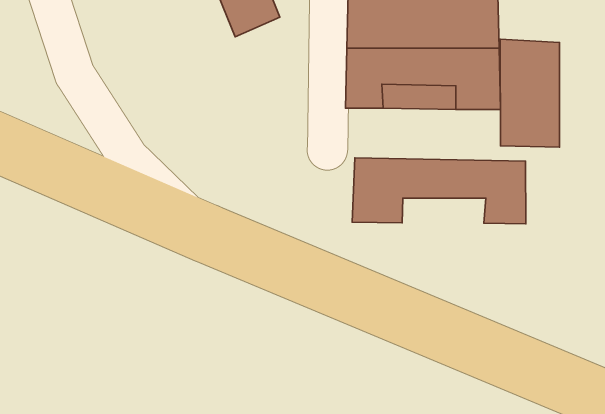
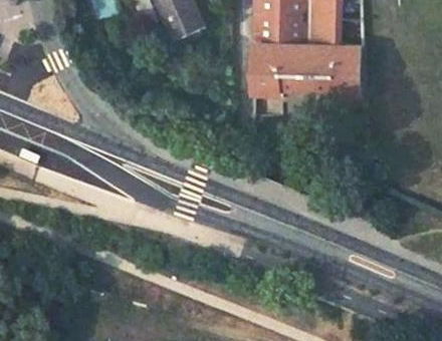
building: [500,39,559,147] -> none
building: [352,158,526,224] -> none

